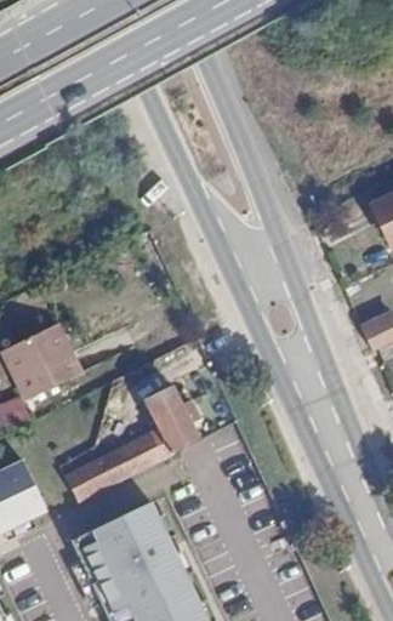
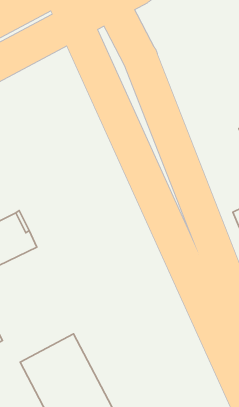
building: [68,386,204,503] -> none

